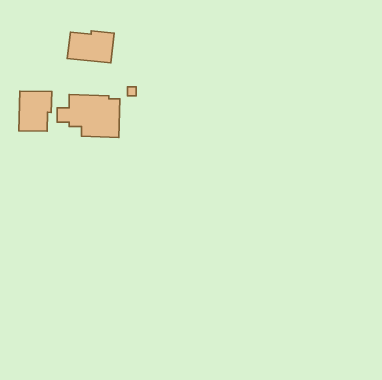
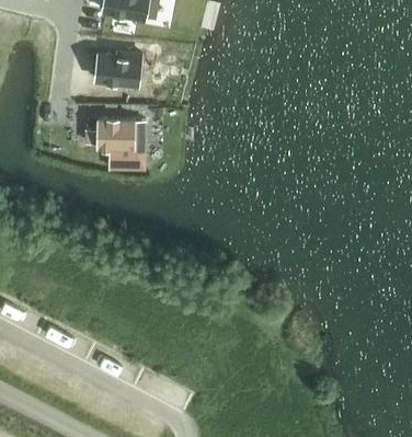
building: [19,91,52,131] -> none

